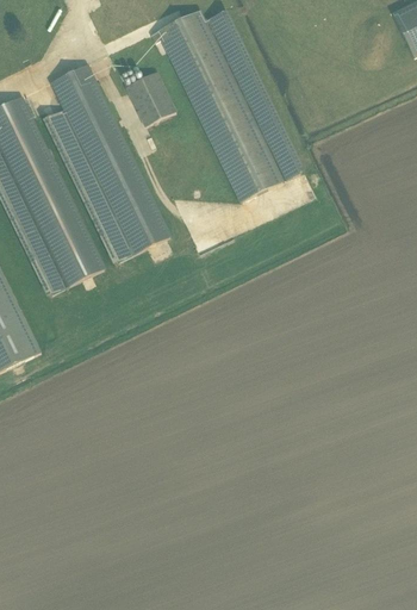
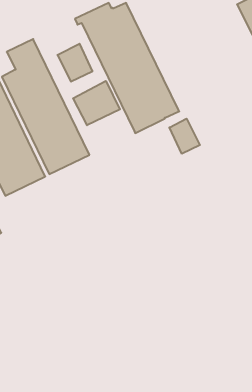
building: none -> [73,81,120,125]
building: none -> [169,119,200,154]

